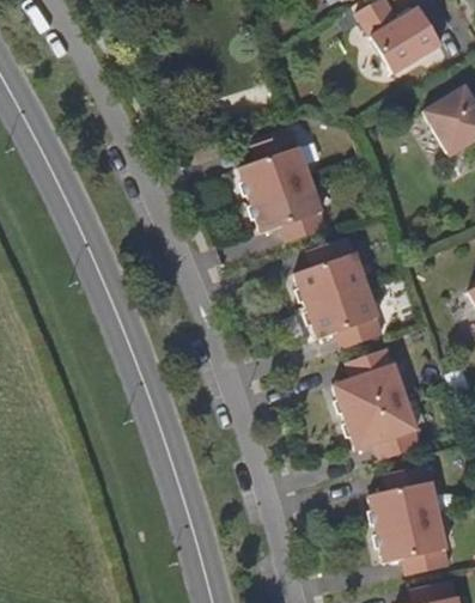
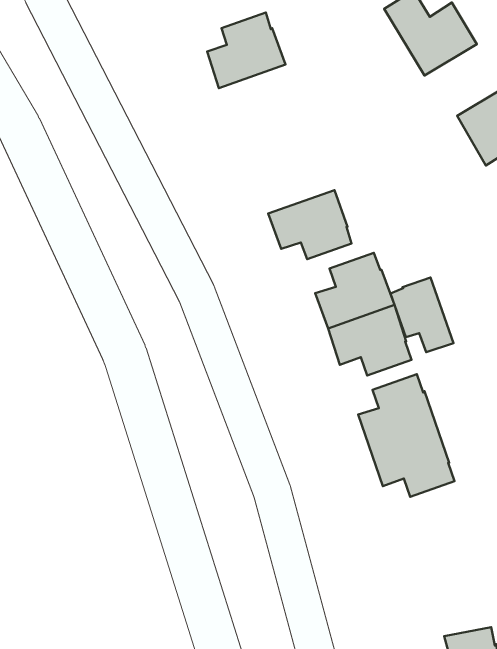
building: [239,132,311,201] -> [207,12,285,88]
building: none -> [391,278,453,352]
building: [369,464,449,575] -> none

